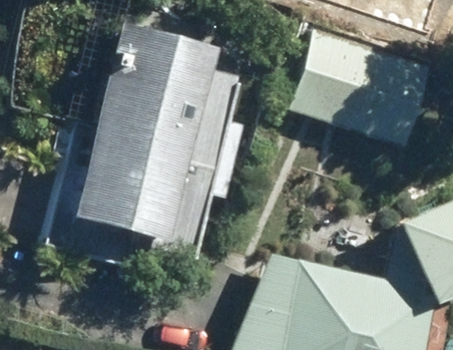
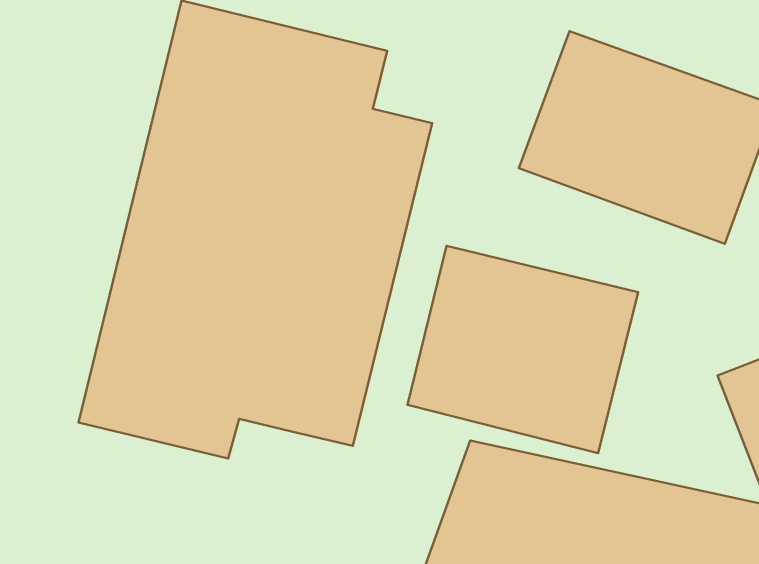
building: none -> [408,246,638,453]

